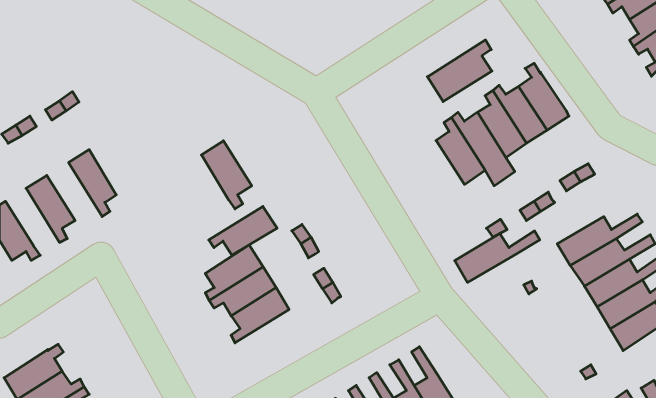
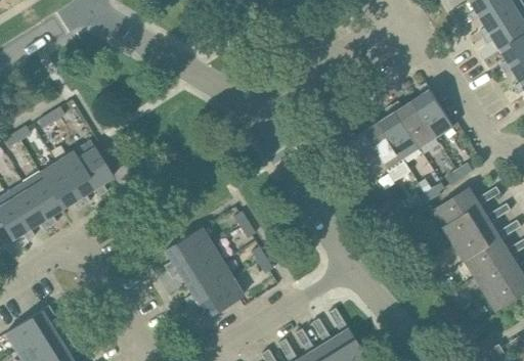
building: [427,40,492,102] -> none
building: [201,141,252,209] -> [73,140,113,194]
building: none -> [39,162,83,209]
building: none -> [6,182,49,229]
building: [209,206,277,255] -> [188,278,243,317]
building: [455,231,540,282] -> [434,185,501,226]

